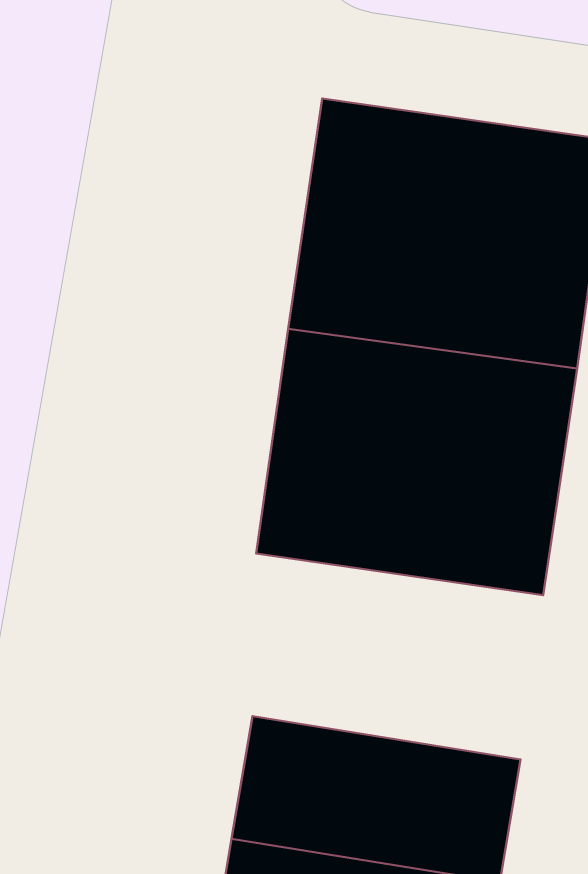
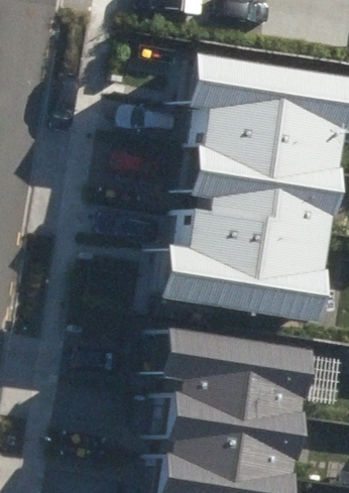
building: none -> [151,321,306,409]

